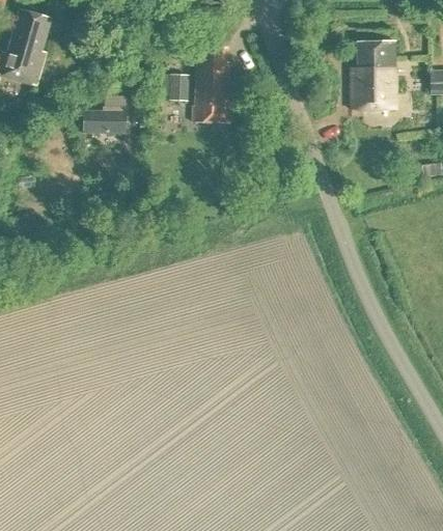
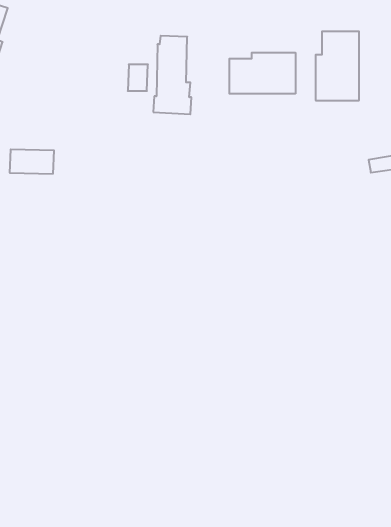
building: none -> [229,53,295,94]
building: [83,109,127,133] -> [10,149,54,174]

